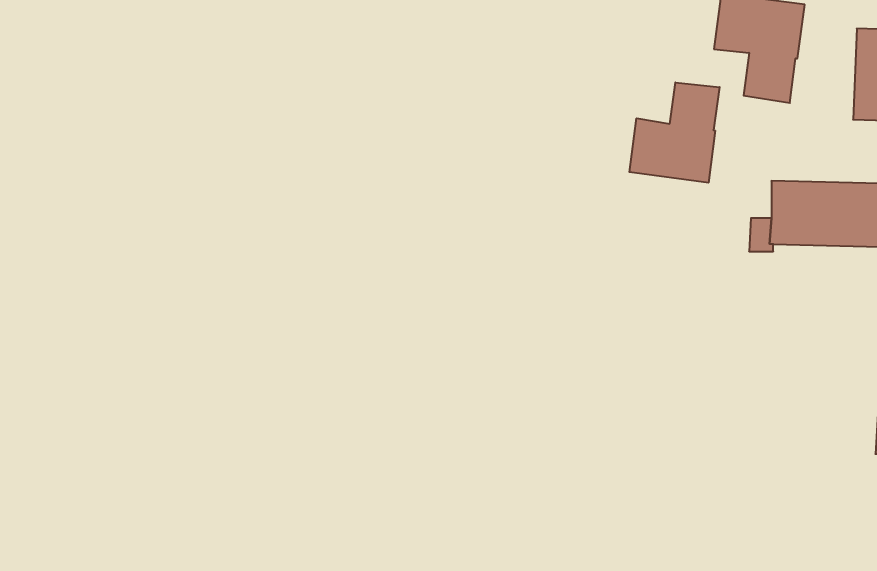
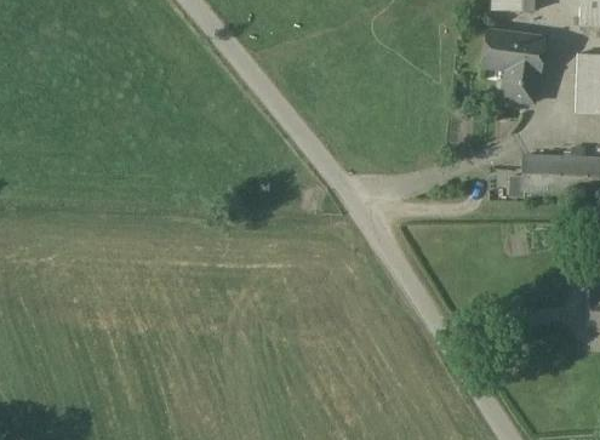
building: [629,82,720,183] -> none

